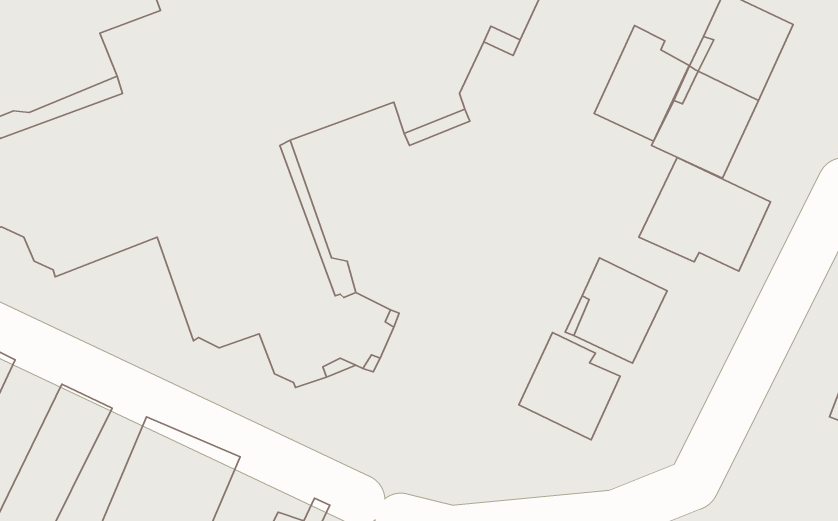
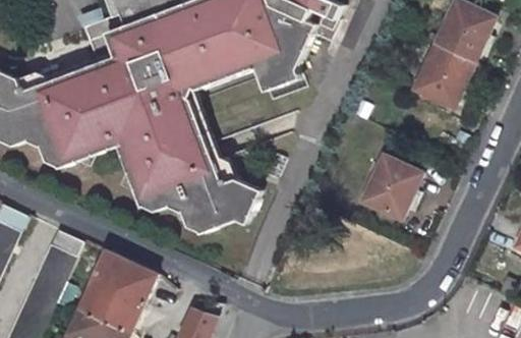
building: [594,26,689,141] -> none
building: [639,157,770,271] -> none
building: [519,333,620,440] -> none

